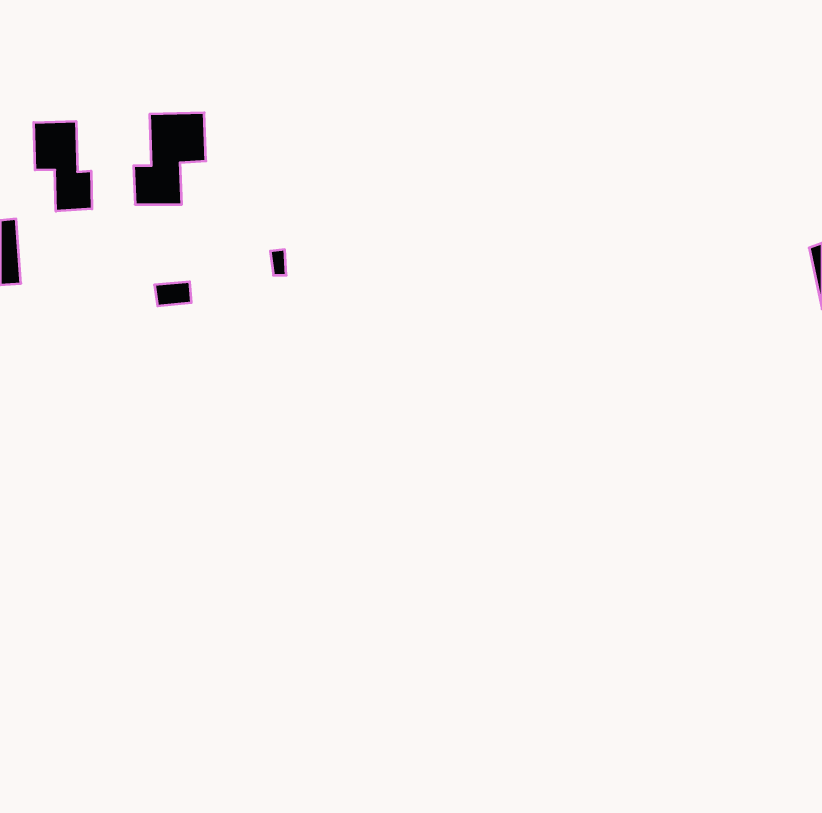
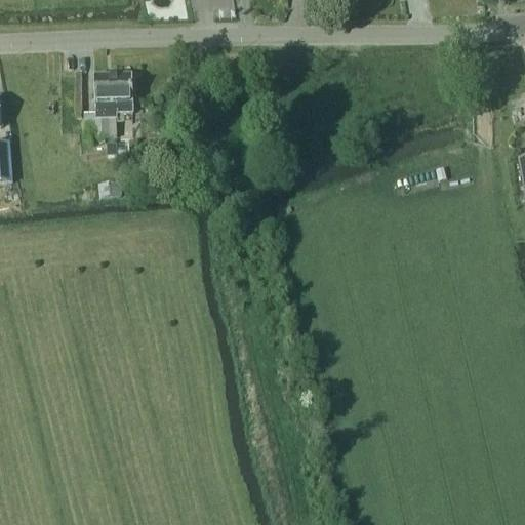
building: [34,121,92,211] -> none

